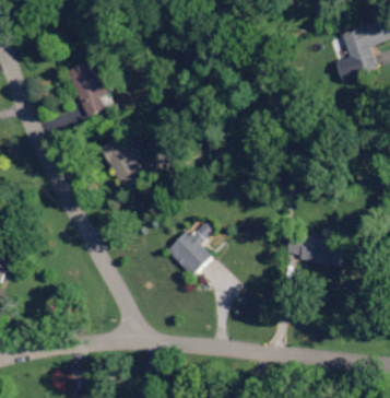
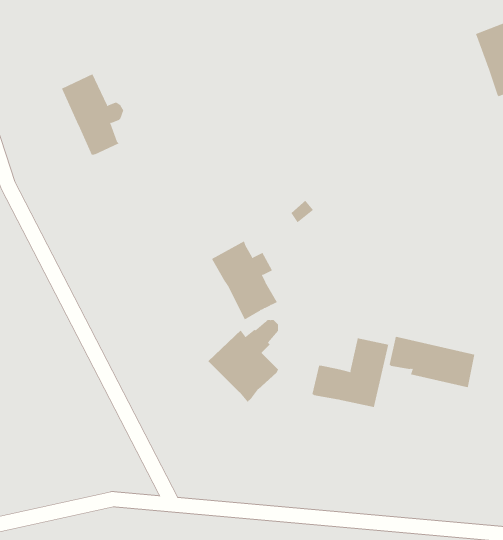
building: [103,136,146,188] -> [211,241,278,320]
building: none -> [312,337,389,408]

